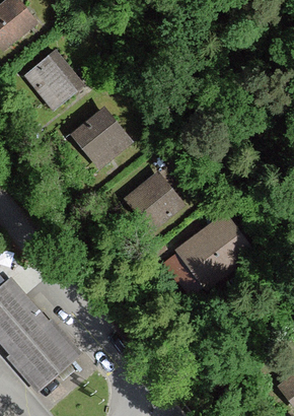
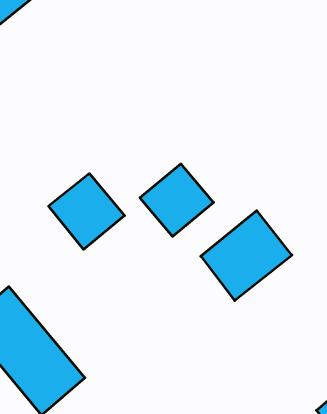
building: [22,51,85,113] -> none
building: [65,108,131,174] -> [49,174,125,249]

